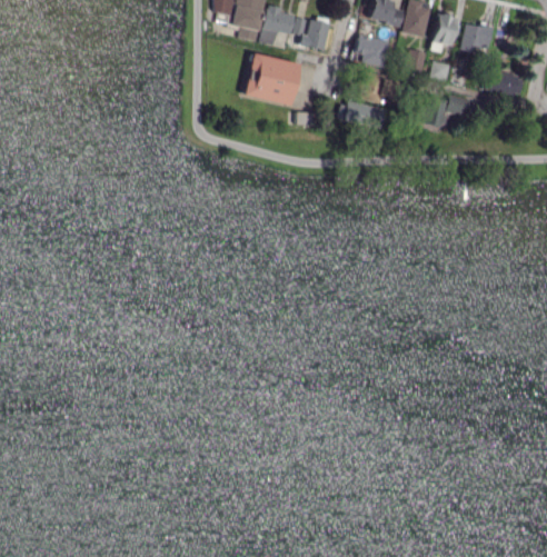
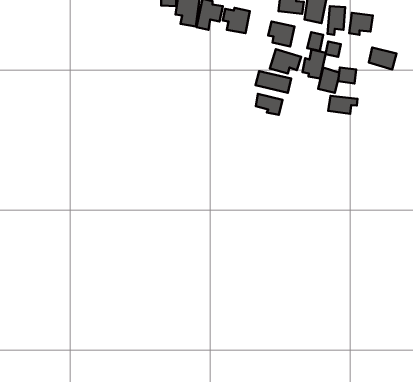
building: [245,53,299,105] -> none
building: none -> [302,50,326,79]
building: none -> [256,94,282,115]
building: none -> [328,96,357,114]

